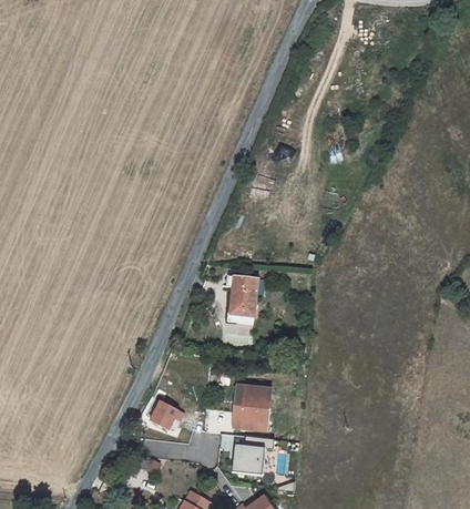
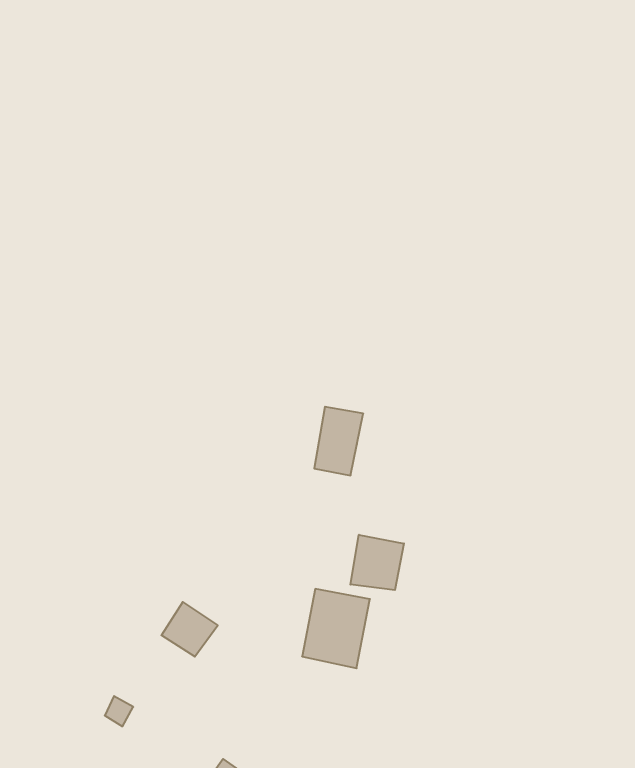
building: none -> [350,535,404,590]
building: [234,437,267,472] -> none

